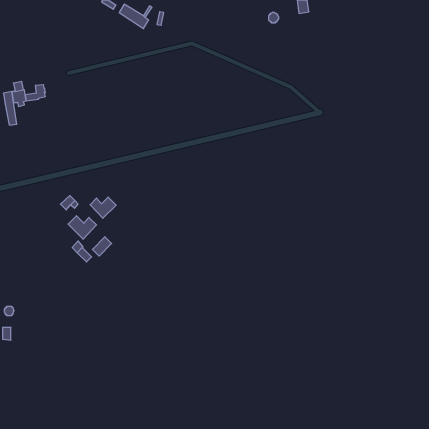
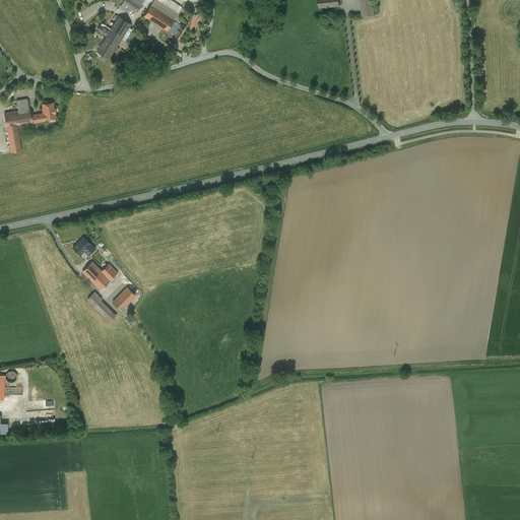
building: none -> [96,16,132,58]
building: [90,197,116,218] -> none

